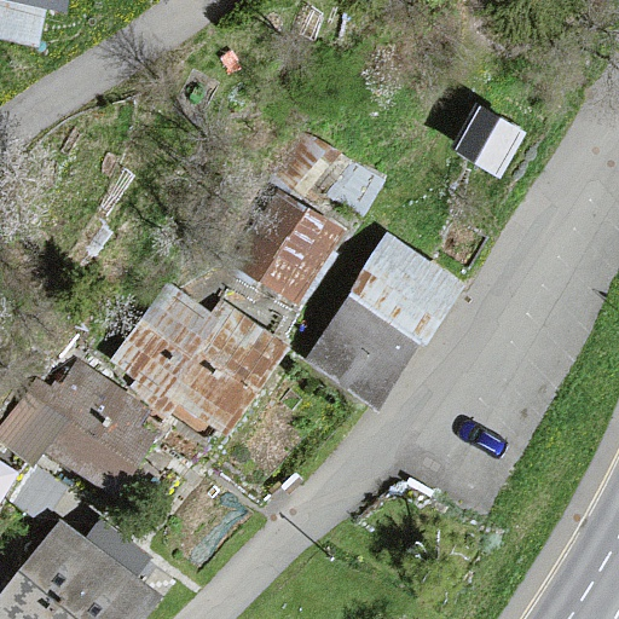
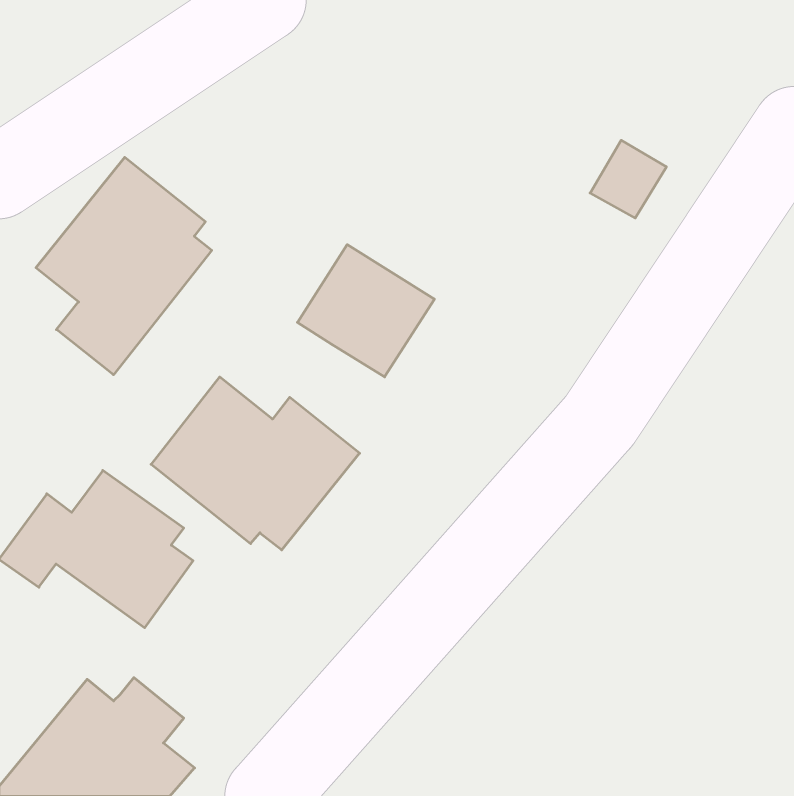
building: none -> [36,157,212,375]
building: [310,239,453,400] -> none

